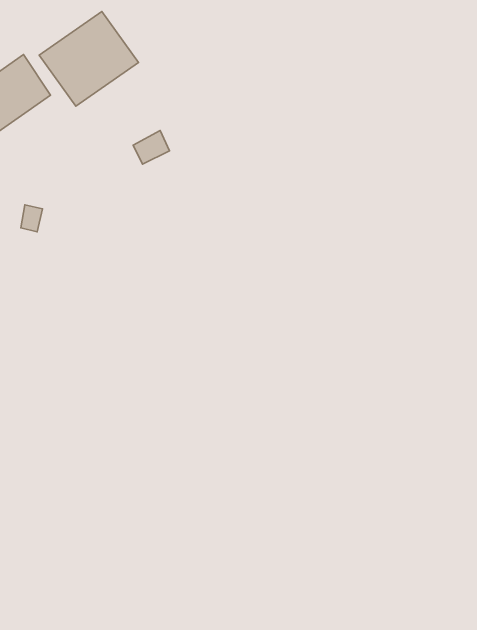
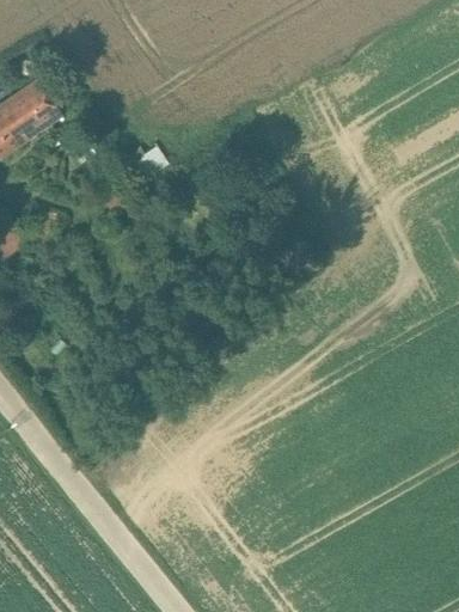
building: [39,11,138,106] -> none

